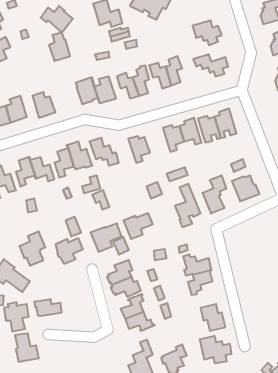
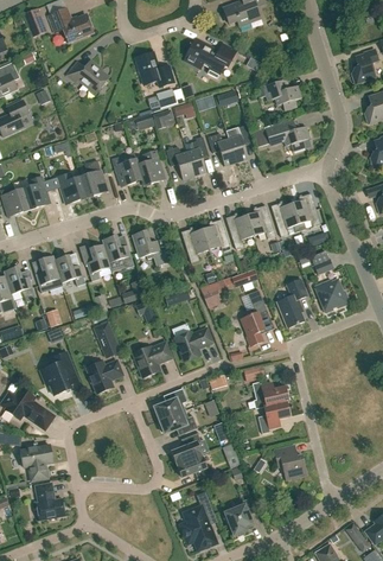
building: [49,32,70,61] -> [79,160,107,197]
building: none -> [202,218,230,253]
building: [34,299,62,316] -> none
building: [200,336,231,363] -> none

